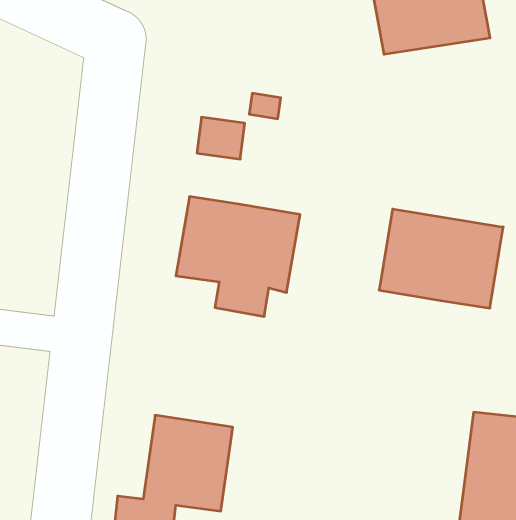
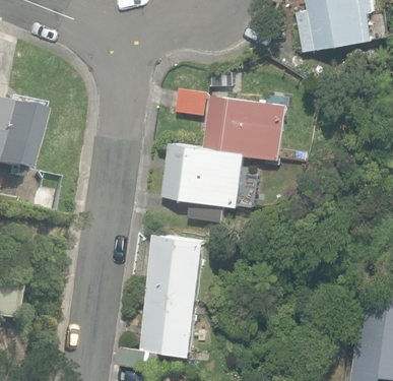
building: [379,209,503,308] -> [203,91,287,158]
building: none -> [146,231,208,298]

